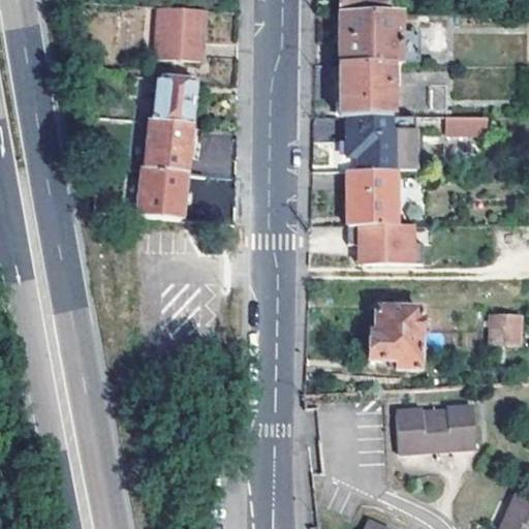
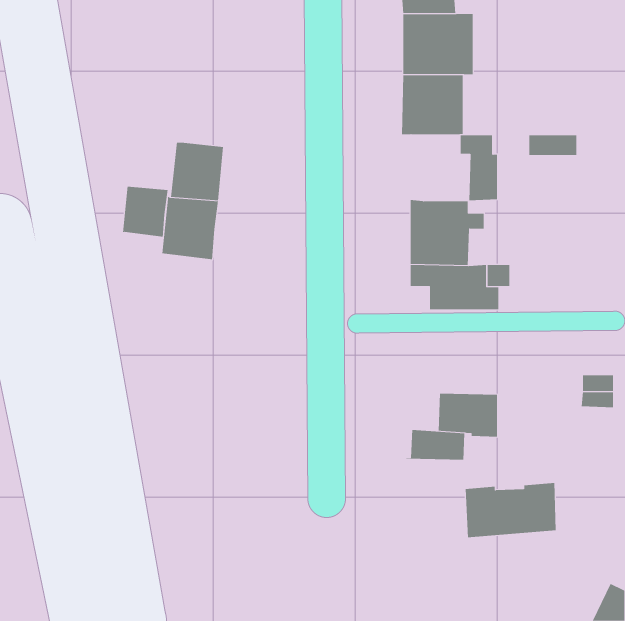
building: [156,4,203,58] -> none
building: [153,73,194,124] -> none
building: [347,114,397,169] -> none
building: none -> [122,186,168,238]
building: [371,307,422,333] -> [405,430,465,460]

